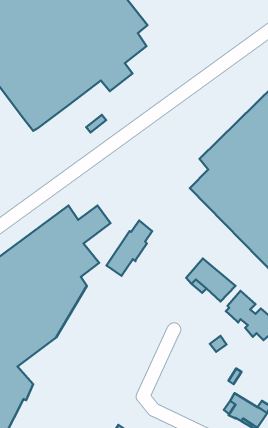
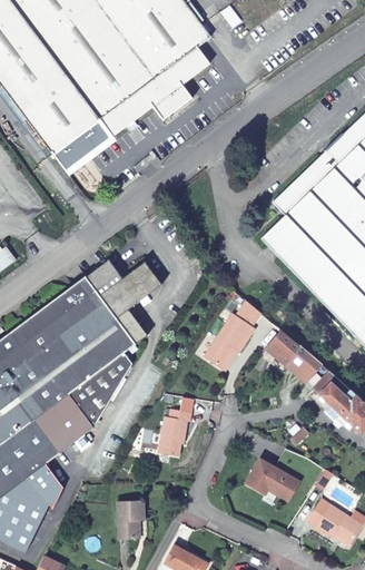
building: [107,221,152,276] -> [201,297,259,367]
building: none -> [157,406,190,455]
building: none -> [244,458,297,500]
building: none -> [117,500,144,538]

